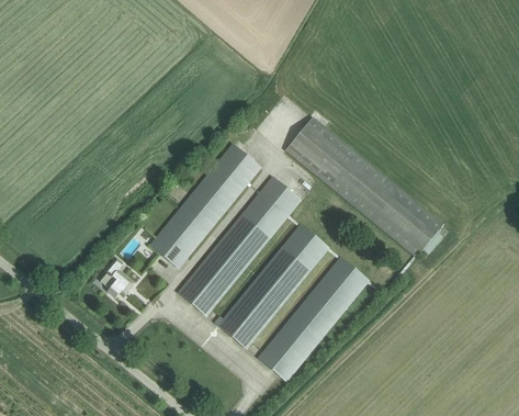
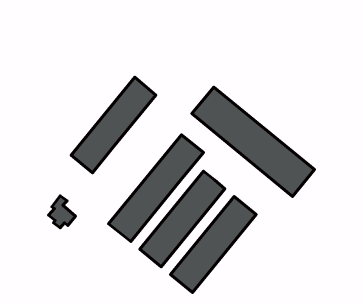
building: [150,144,260,268] -> [71,77,156,173]

